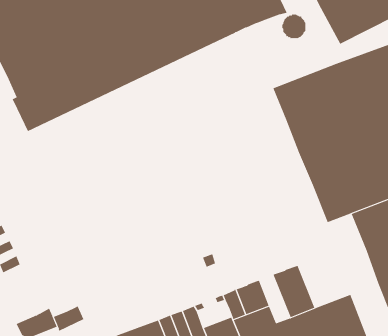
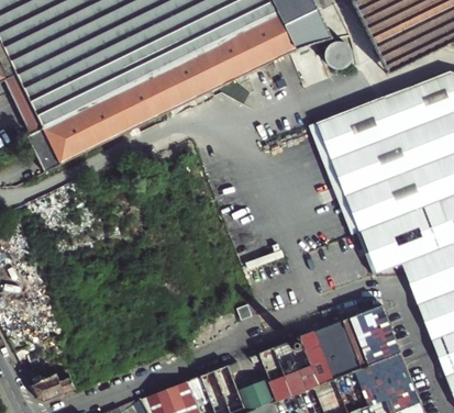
building: none -> [343,303,401,366]
building: none -> [300,328,334,382]
building: [53,306,84,331] -> none

